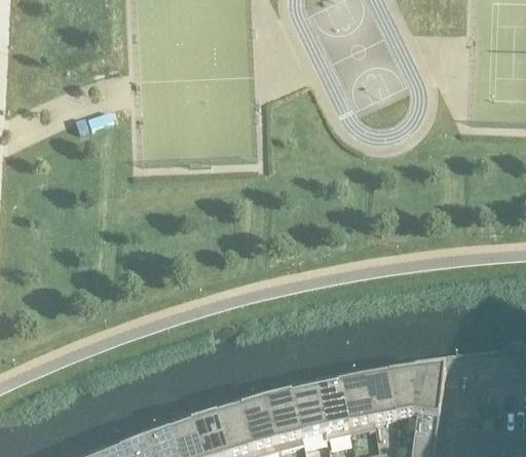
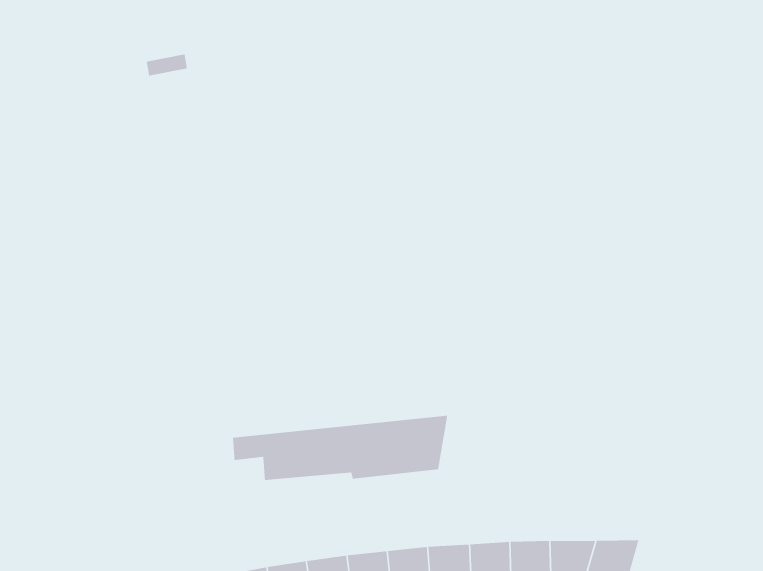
building: none -> [232,415,448,481]

